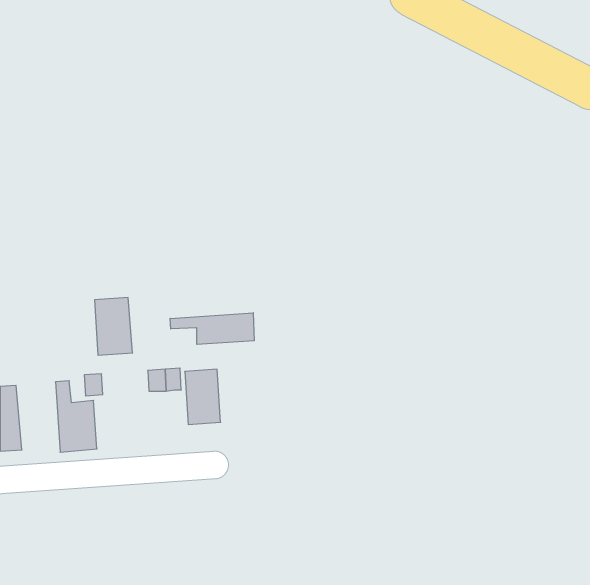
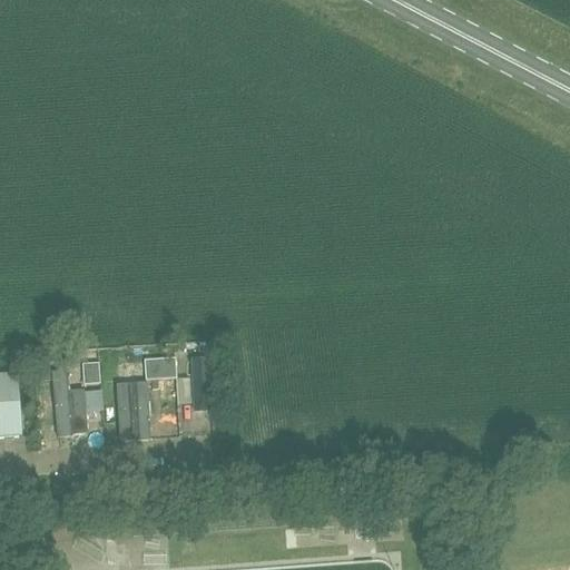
building: [95,298,133,355] -> [114,382,150,438]
building: [170,313,254,344] -> none

